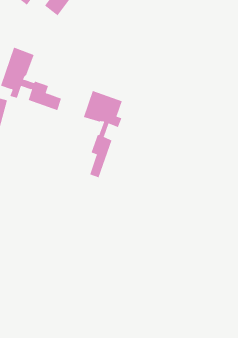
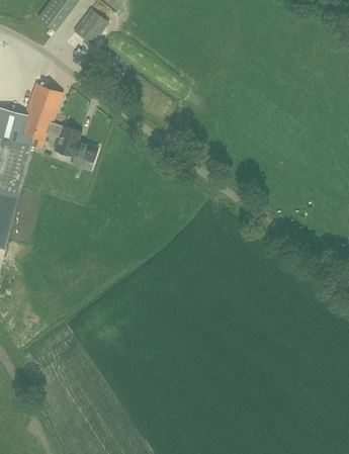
building: [83,90,123,178] -> none

